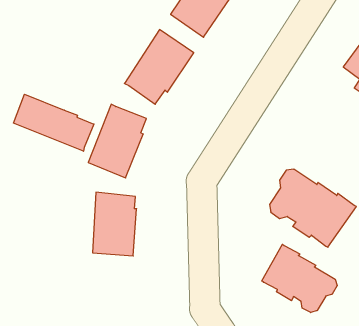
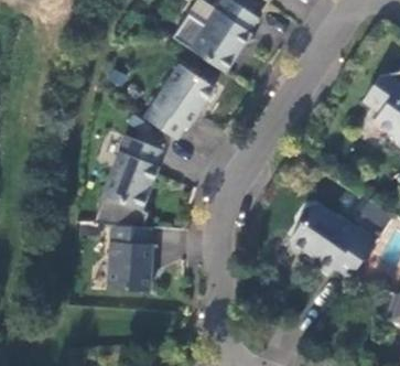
building: [14,94,94,151] -> none
building: [262,244,337,313] -> none

